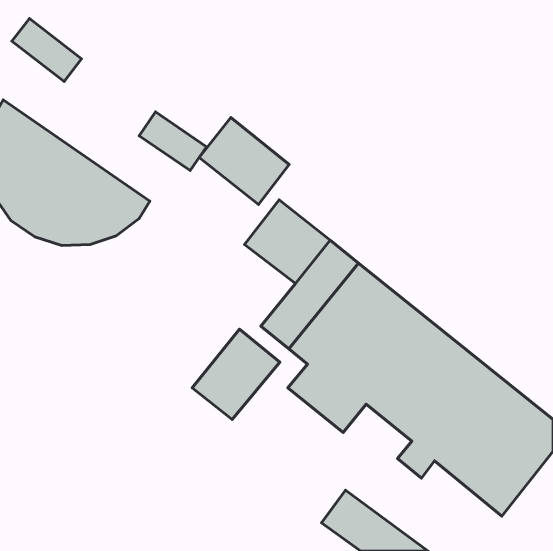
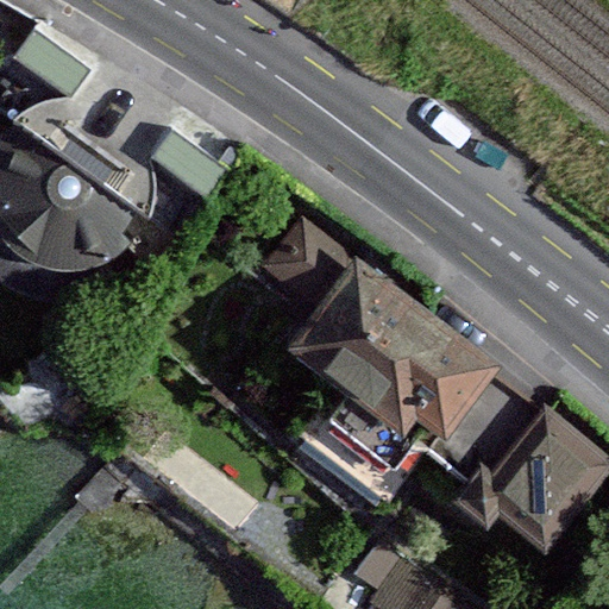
building: [199,118,289,204] -> none
building: [192,329,280,420] -> none

